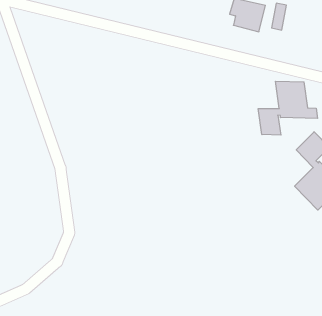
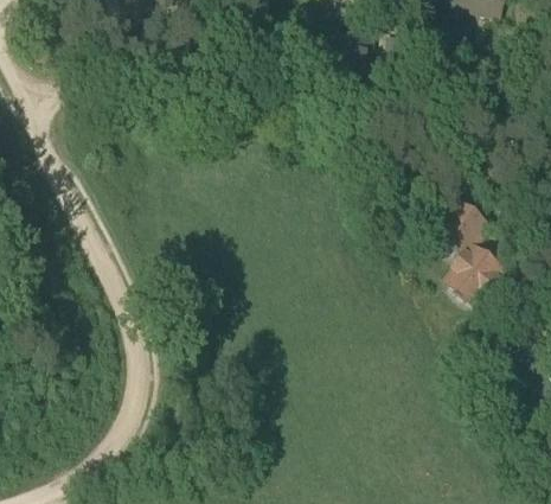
building: [258,81,317,135] -> none

